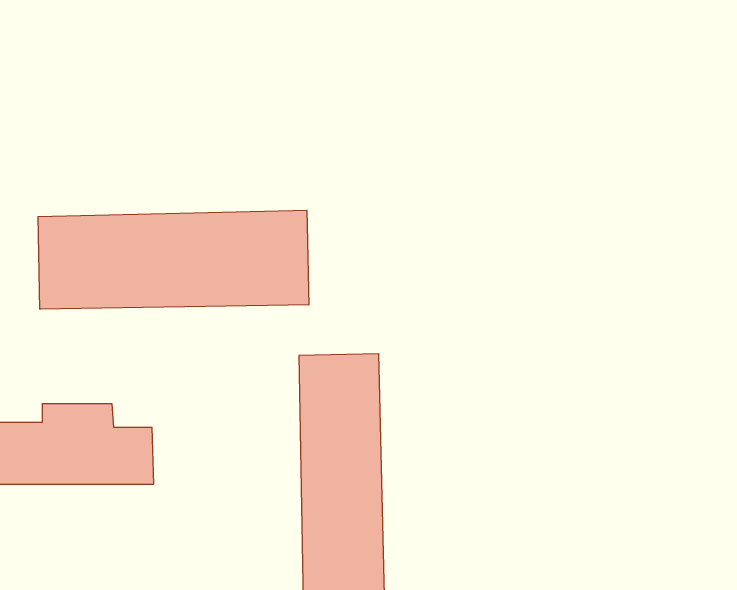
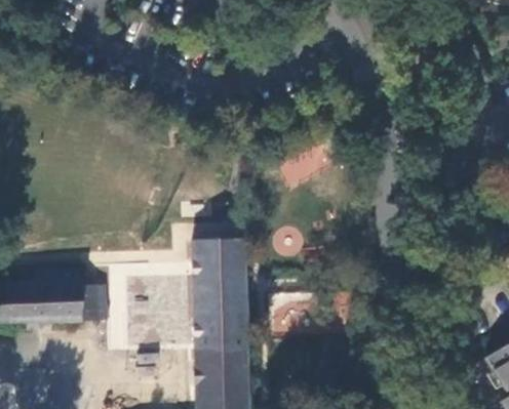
building: [38,210,309,309] -> none

